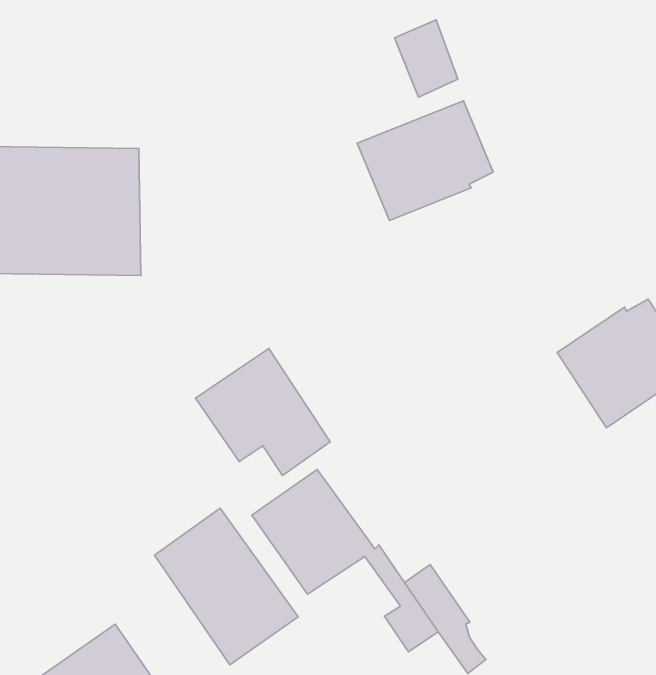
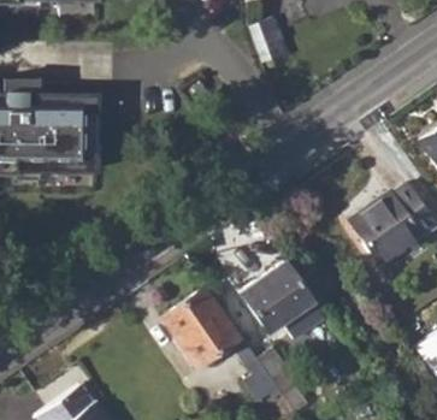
building: [357,101,493,221] -> none
building: [195,349,330,475] -> [242,261,324,338]
building: [154,508,298,665] -> none

